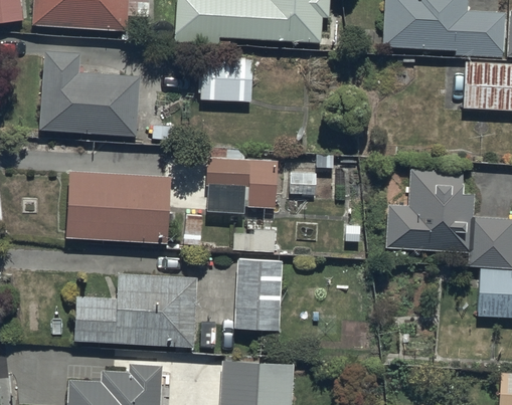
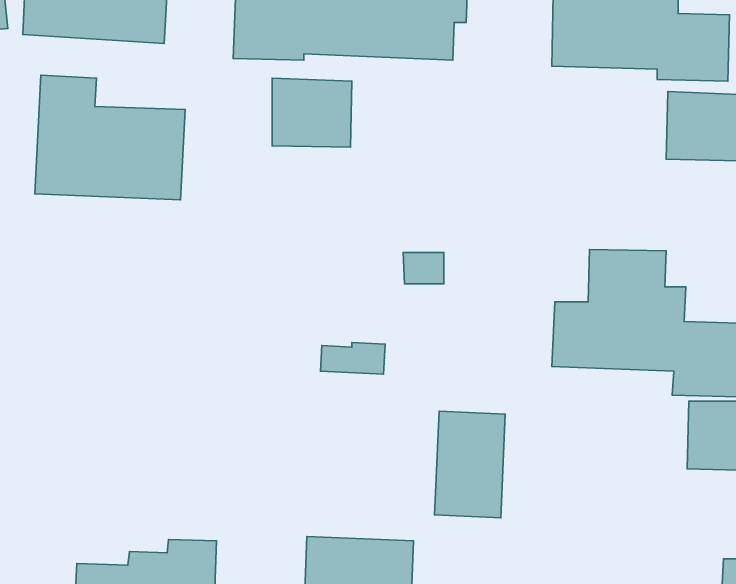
building: [205,158,277,213] -> none
building: [66,173,171,243] -> none
building: [234,259,282,331] -> [435,411,505,518]
building: [74,273,197,346] -> none

